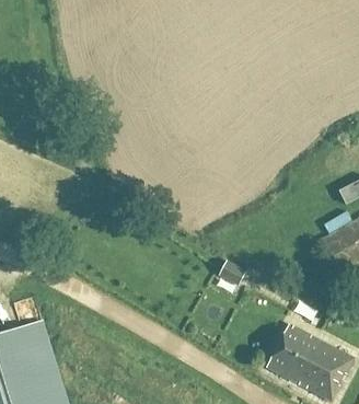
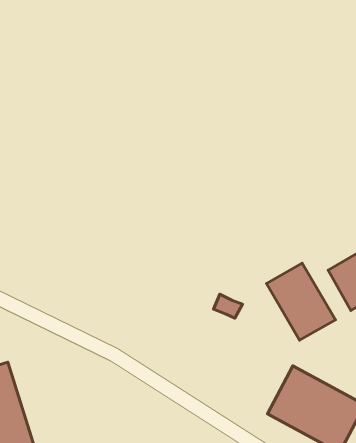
building: none -> [266,263,335,340]

